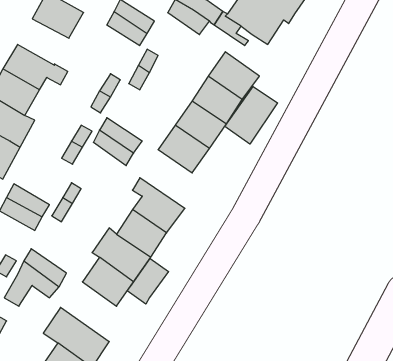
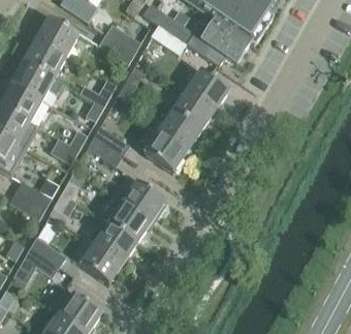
building: none -> [24,40,67,80]
building: [225,86,278,144] -> none
building: [127,258,169,304] -> none

